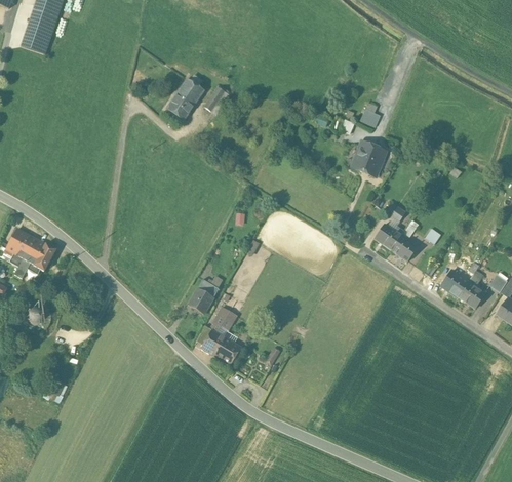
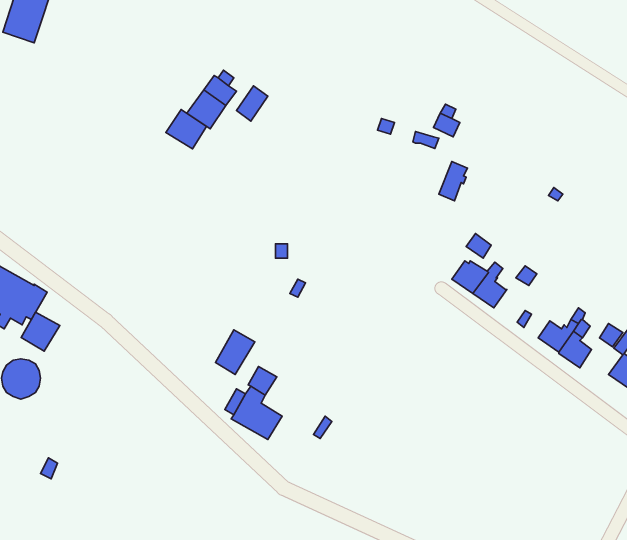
building: none -> [166,109,207,149]
building: [350,138,373,171] -> none
building: none -> [21,312,60,351]

